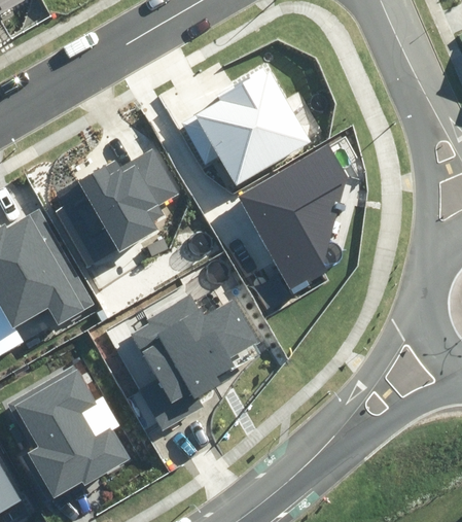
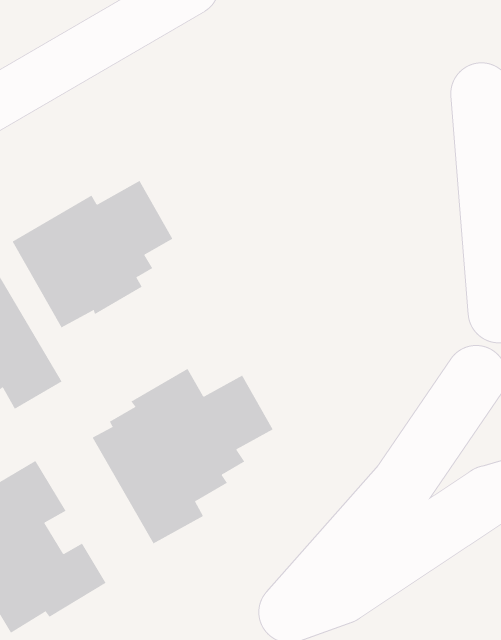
building: [181,69,311,185] -> none
building: [238,145,347,289] -> none

